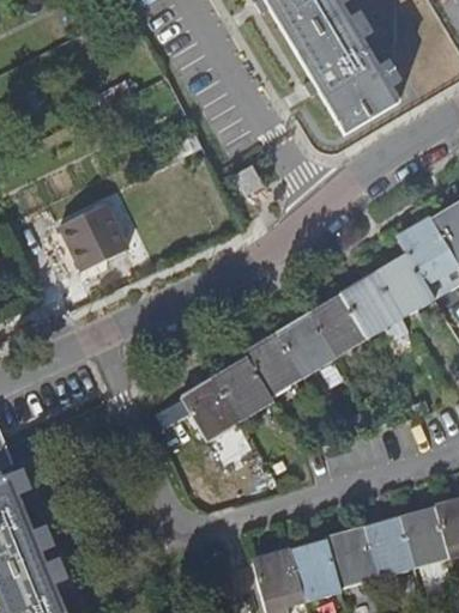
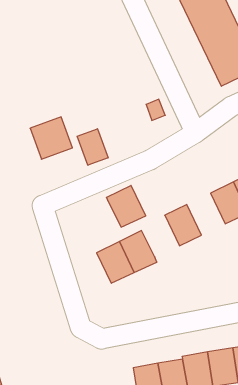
building: none -> [77,129,108,165]
building: [312,291,372,354] -> none
building: [246,330,307,394] -> [106,185,146,227]

